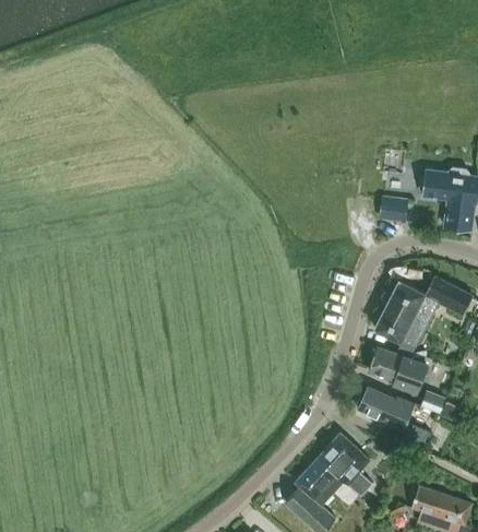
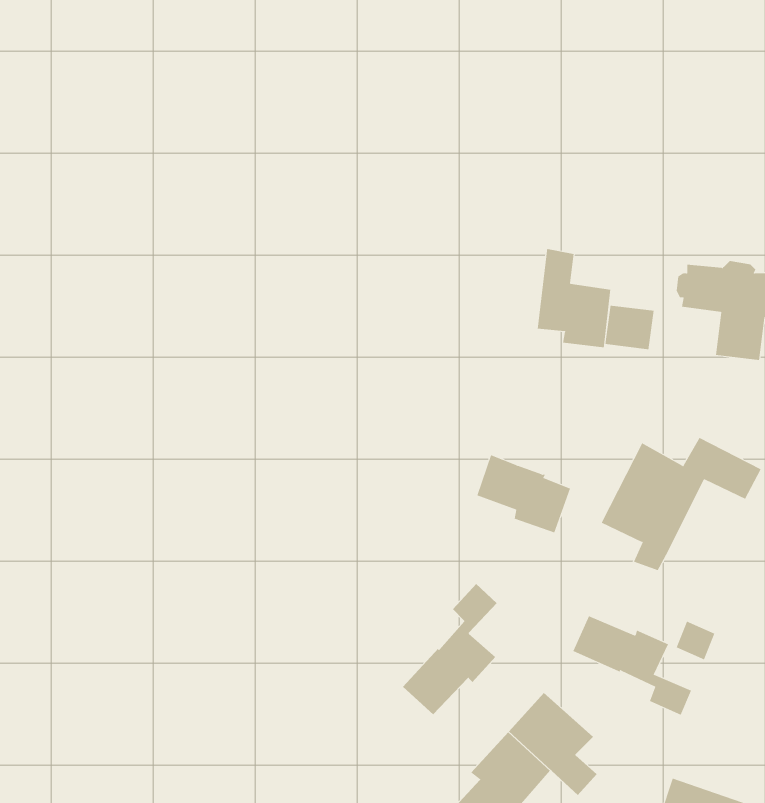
building: none -> [537,248,611,348]
building: [370,346,428,394] -> [476,455,571,533]
building: none -> [402,583,497,715]

